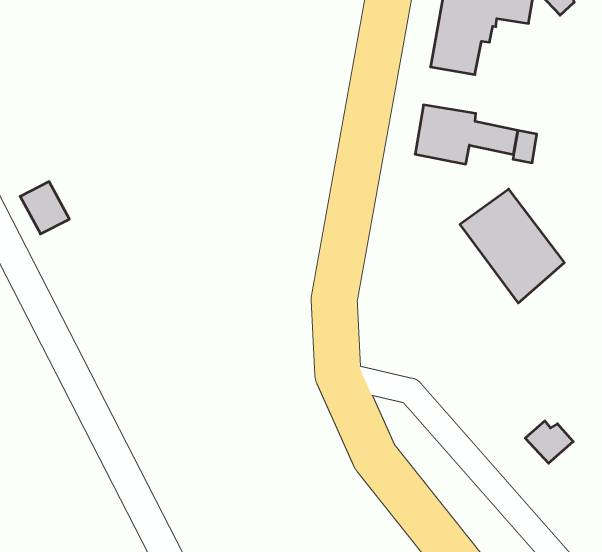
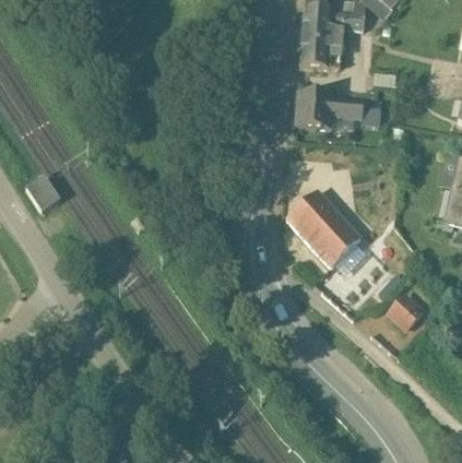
building: [460,189,564,303] -> [286,199,359,275]

